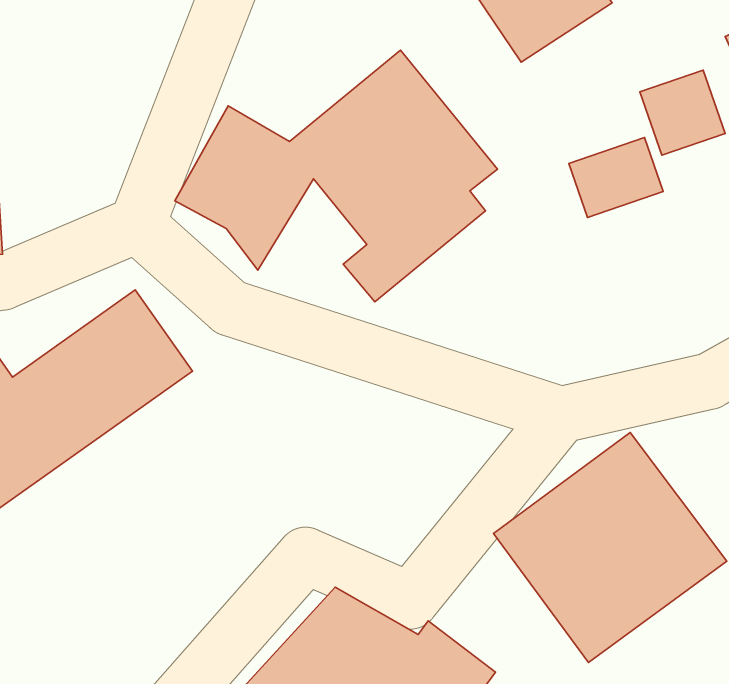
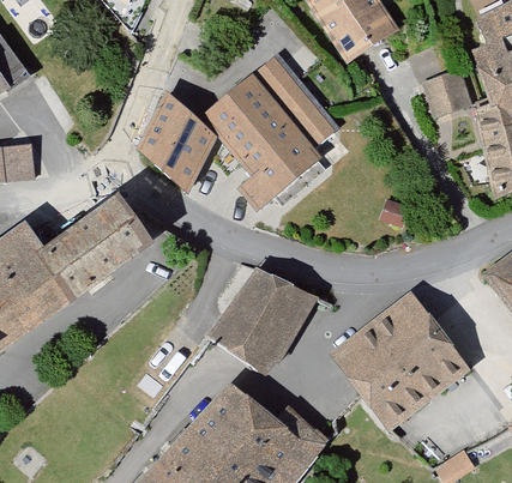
building: [569,138,663,218] -> none
building: none -> [210,258,319,373]

